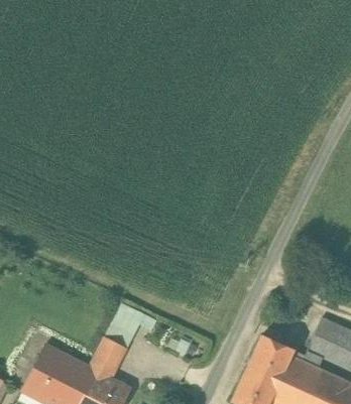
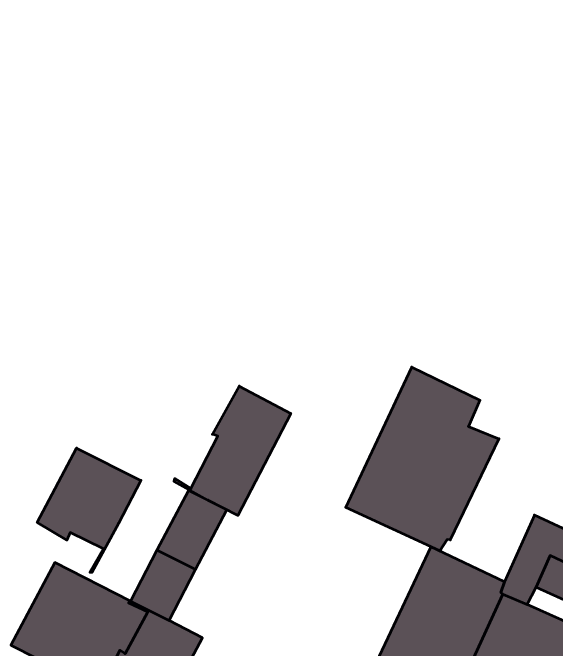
building: none -> [346,367,499,551]
building: none -> [174,386,291,515]
building: none -> [37,448,141,572]

